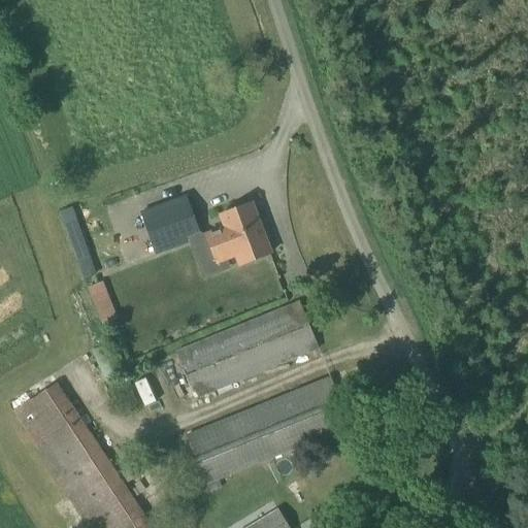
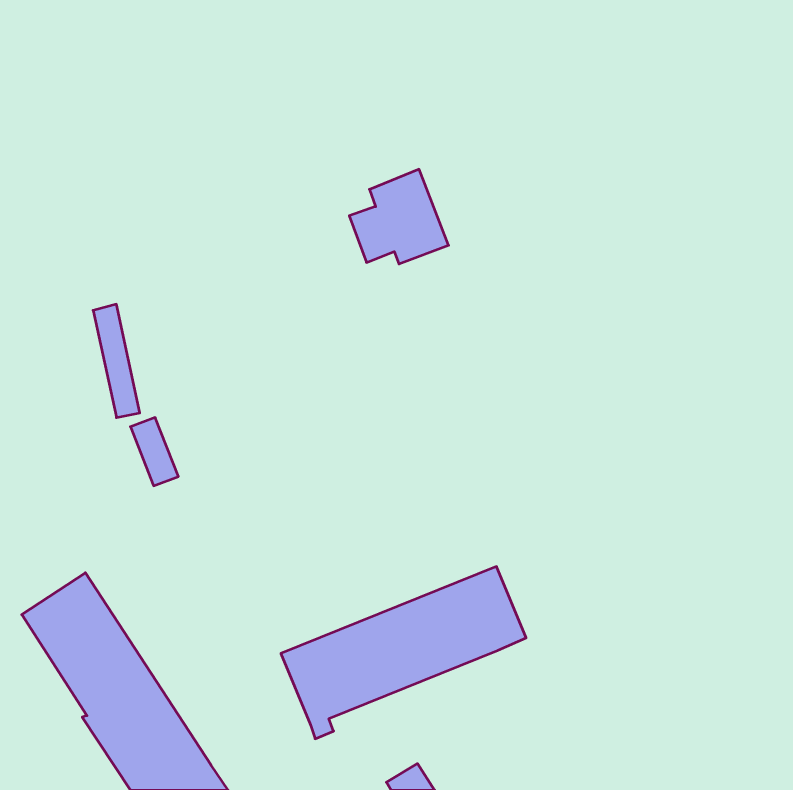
building: [140,194,201,252] -> none
building: [205,201,271,264] -> [349,169,449,264]
building: [175,300,319,397] -> none

